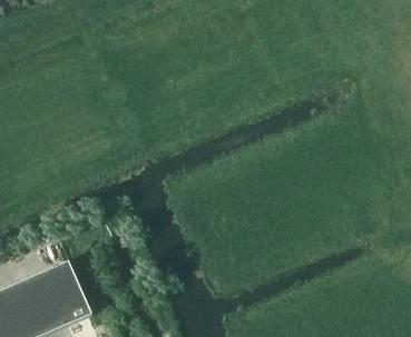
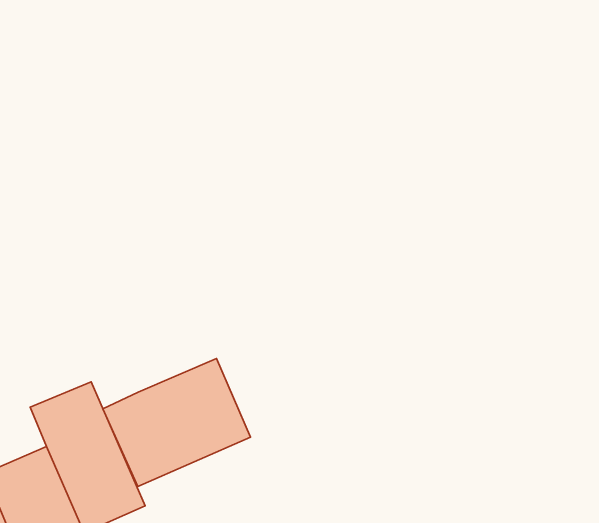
building: none -> [103,358,251,486]

